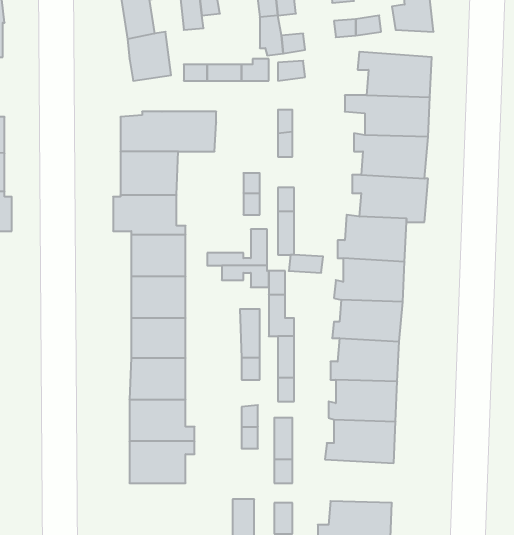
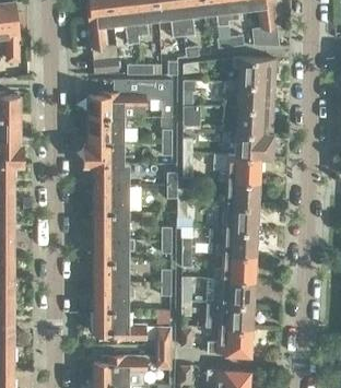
building: none -> [114,82,172,101]
building: none -> [211,304,254,330]
building: none -> [94,318,145,340]

